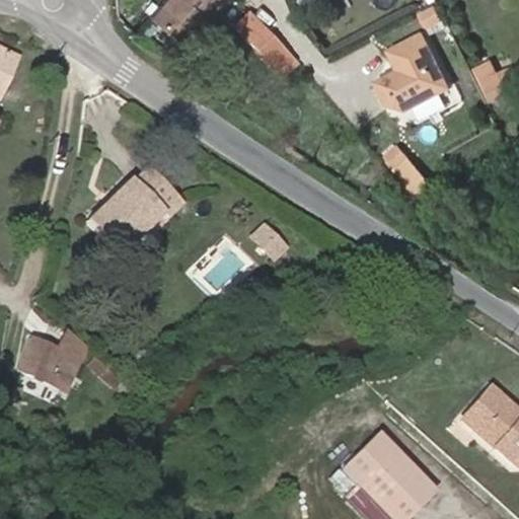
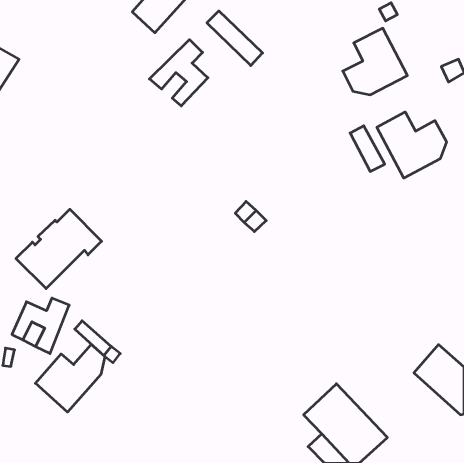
building: none -> [149,40,208,106]
building: none -> [377,112,446,178]
building: [94,168,190,256] -> [16,209,102,289]
building: none -> [35,345,105,412]

